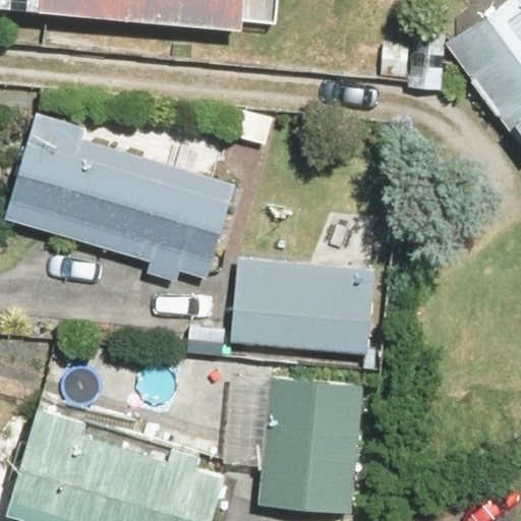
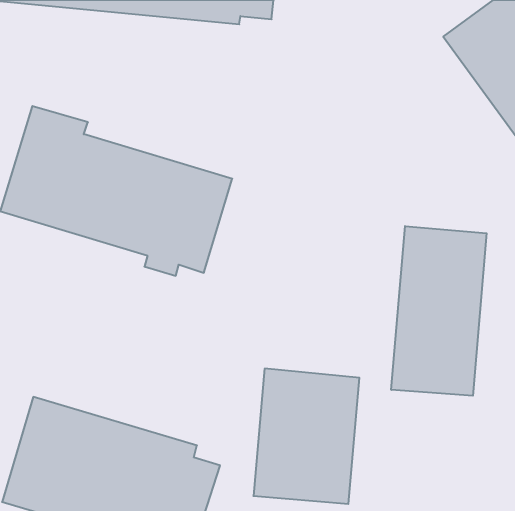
building: none -> [391,226,487,396]
building: [230,259,375,355] -> none

